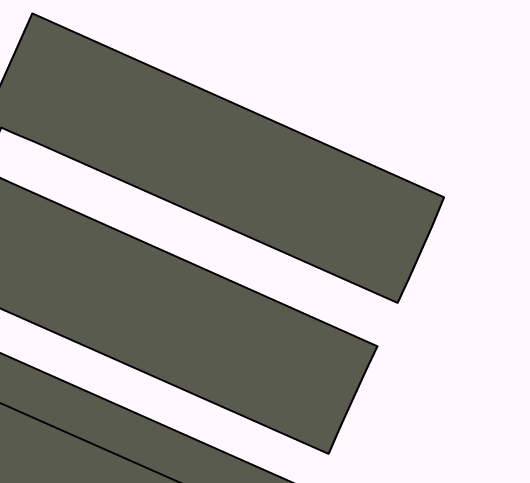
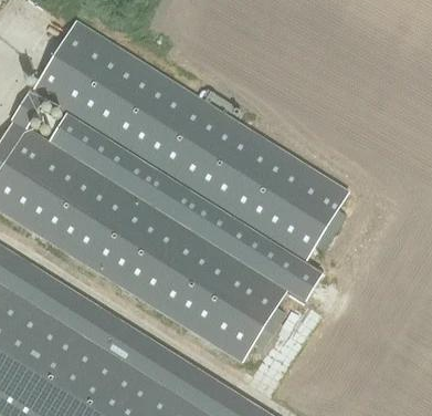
building: none -> [48,112,322,302]

